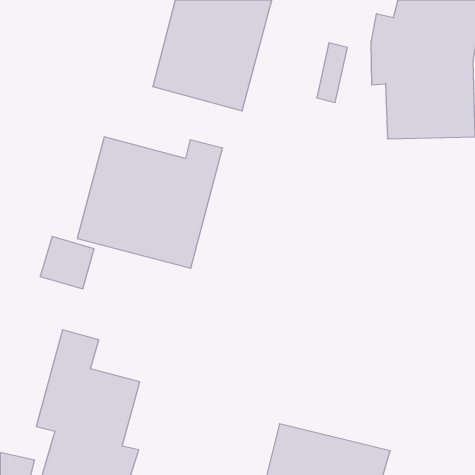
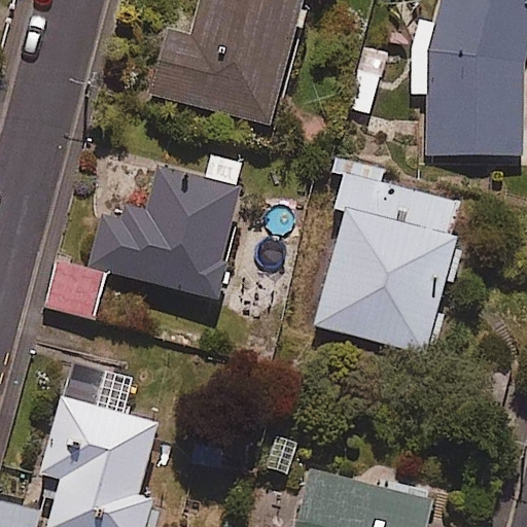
building: none -> [314,174,463,354]

